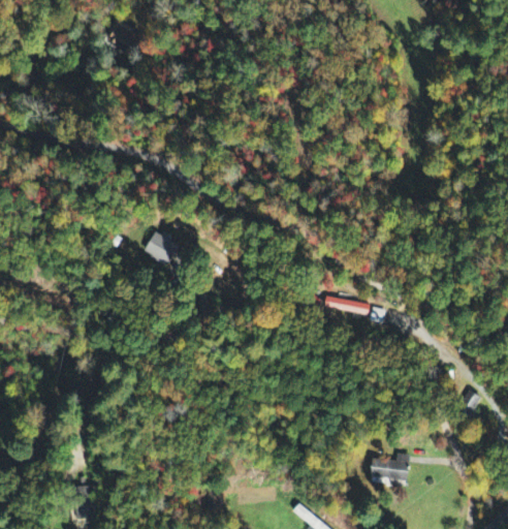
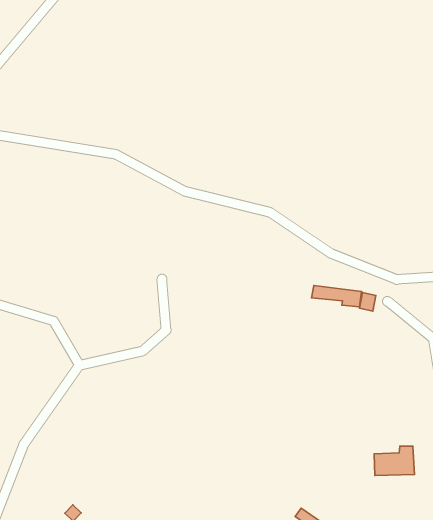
building: [144,228,179,264] -> none

